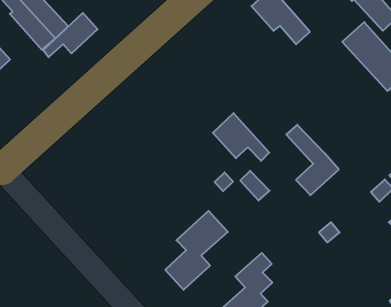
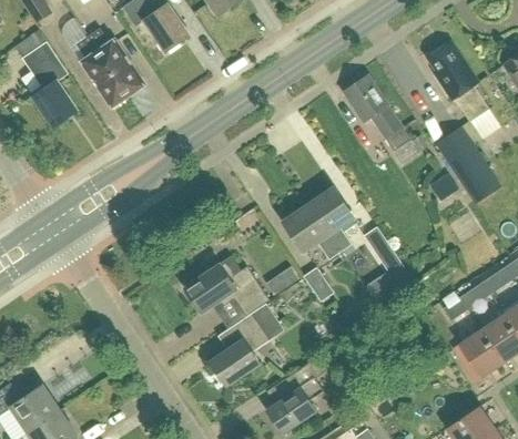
building: [43,13,98,57] -> none
building: none -> [307,186,354,251]
building: none -> [184,255,268,315]

